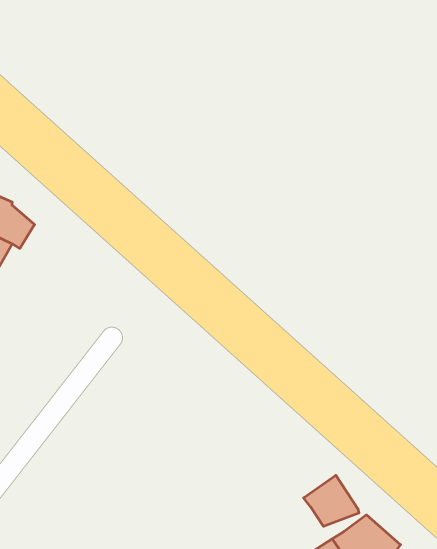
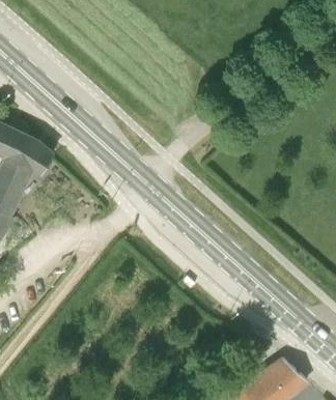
building: [304,475,359,526] -> none

